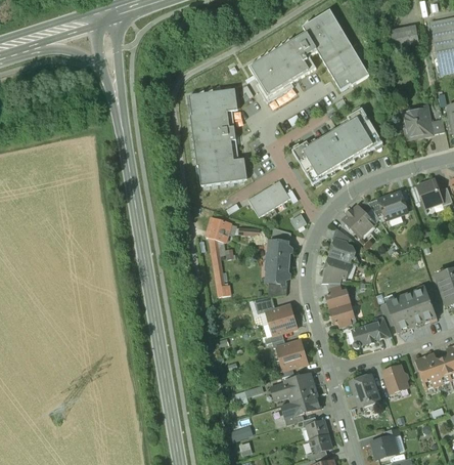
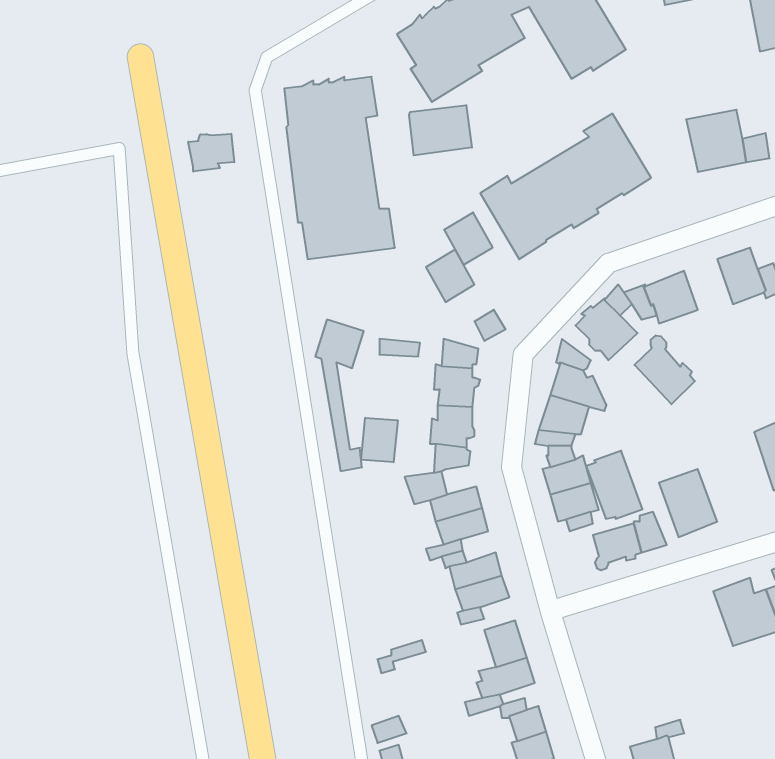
building: none -> [409,105,472,155]
building: none -> [188,134,234,172]
building: [248,188,274,216] -> [444,212,493,265]
building: none -> [634,335,695,404]
building: none -> [361,418,398,462]
building: [407,287,437,323] -> [586,451,643,519]
building: [382,365,408,392] -> none
building: [351,375,379,407] -> none
building: [272,380,301,401] -> none

